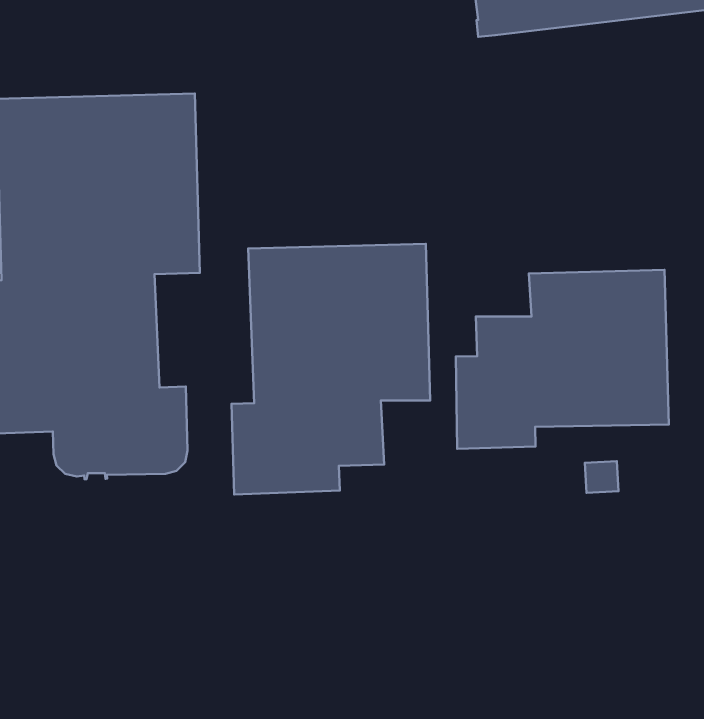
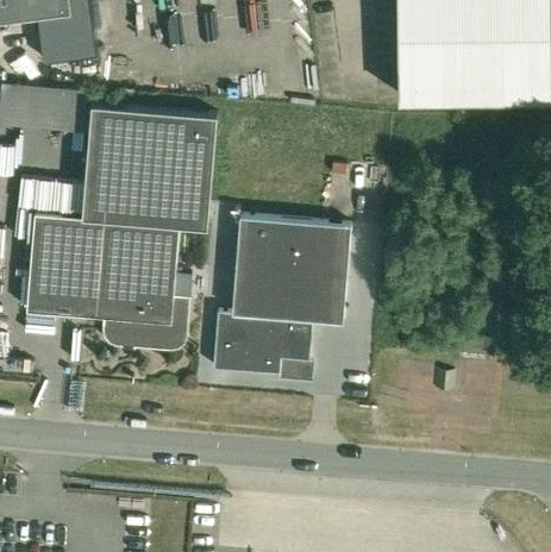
building: [456,270,669,449] -> none

